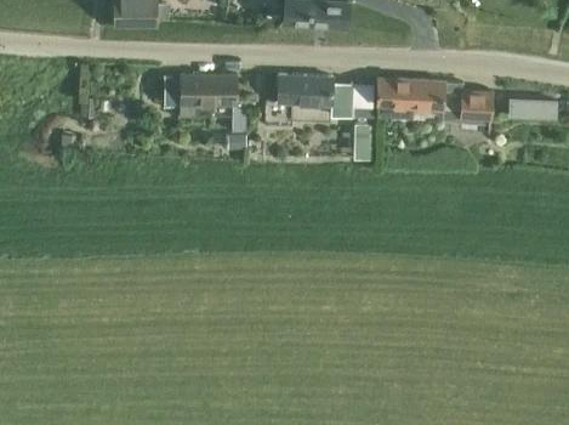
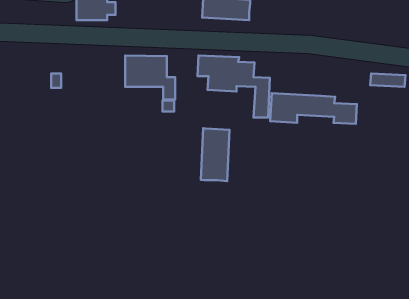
building: [376,79,493,120] -> [270,93,357,124]
building: none -> [201,128,230,181]

